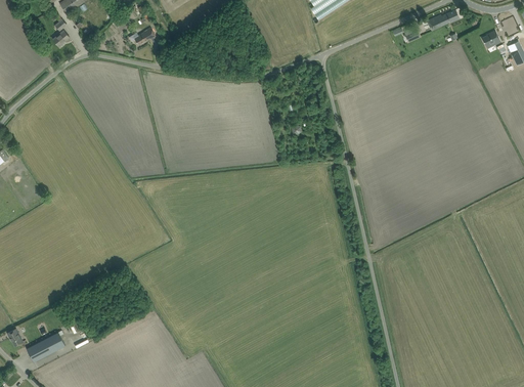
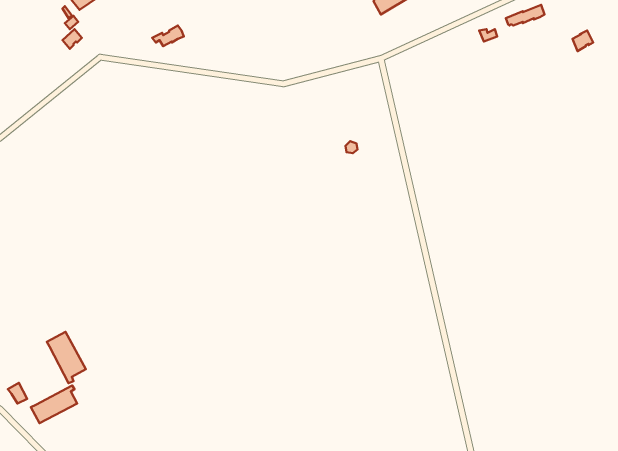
building: none -> [47,332,86,383]

